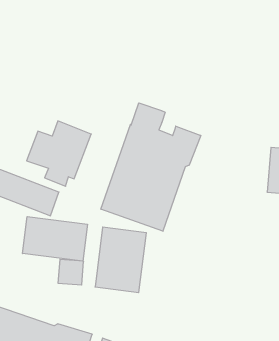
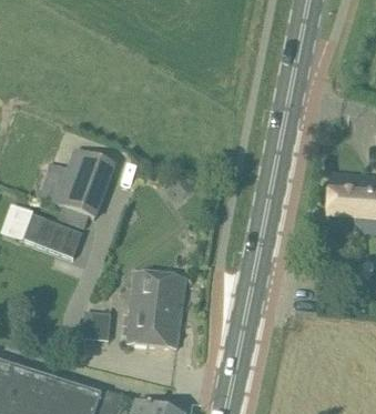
building: [101,103,201,231] -> none
building: [23,217,87,261] -> none

